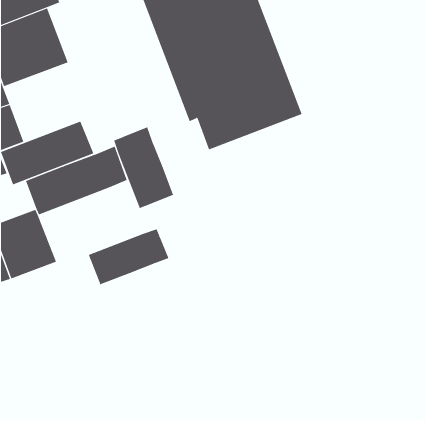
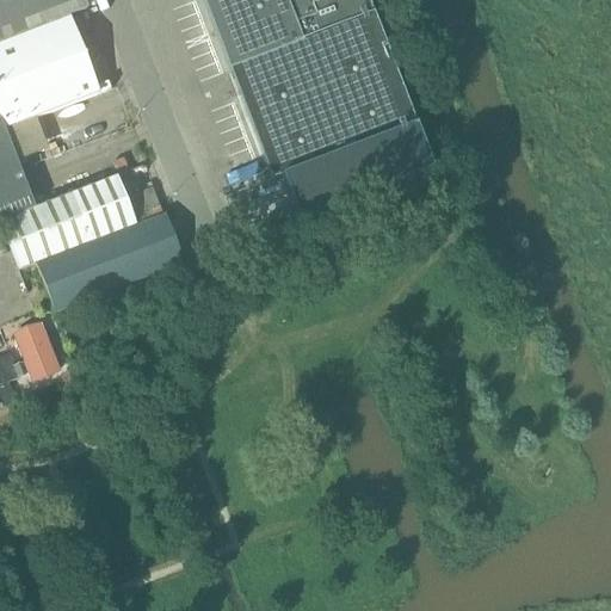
building: [113,127,174,209] -> none
building: [88,228,169,285] -> none

